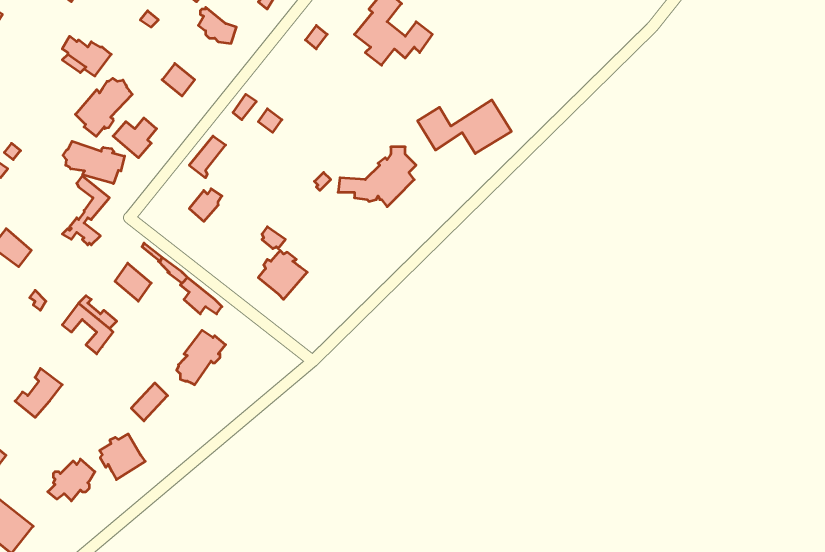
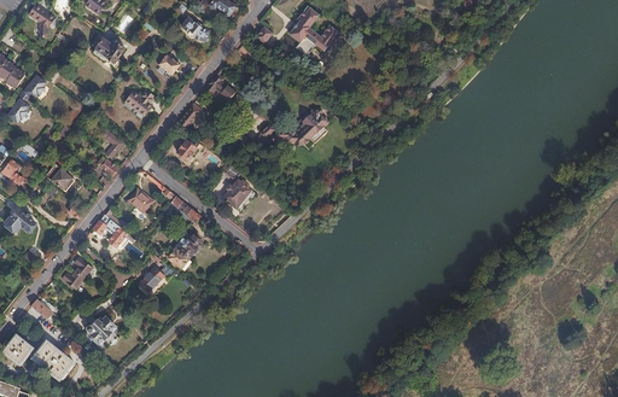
building: [75,78,132,136] -> none
building: [418,100,511,154] -> none
building: [63,141,125,184] -> none
building: [100,434,145,480] -> none

